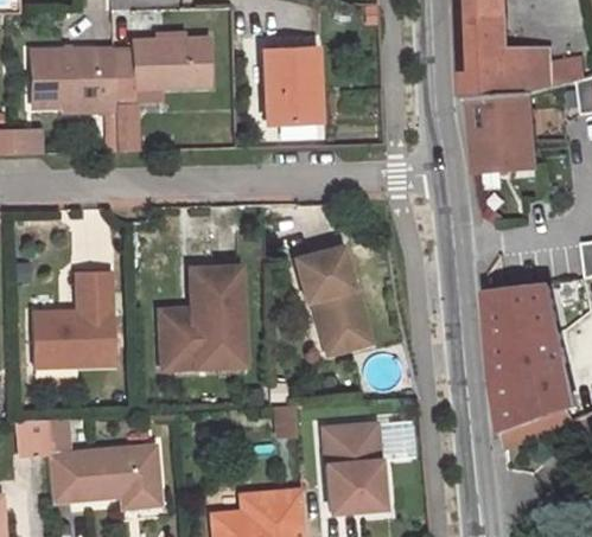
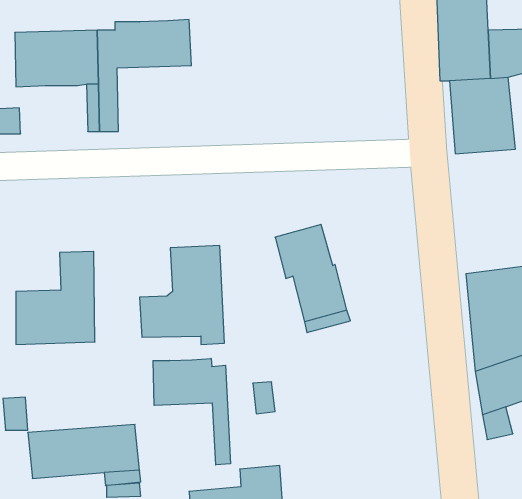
building: [261,49,319,124] -> none
building: none -> [153,358,230,465]
building: [320,422,380,511] -> none

